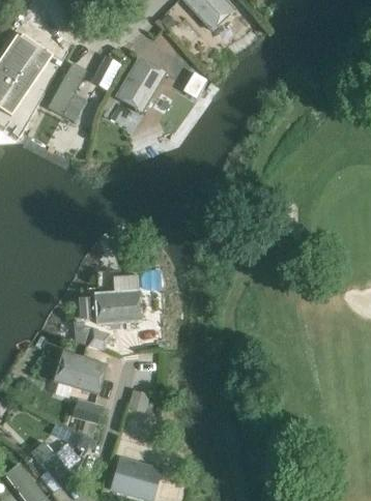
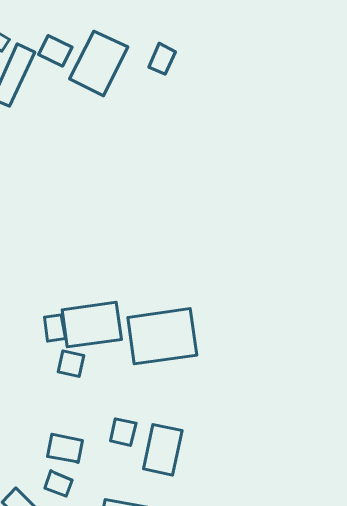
building: none -> [128,309,197,364]
building: [53,349,107,394] -> none
building: none -> [143,424,182,475]

